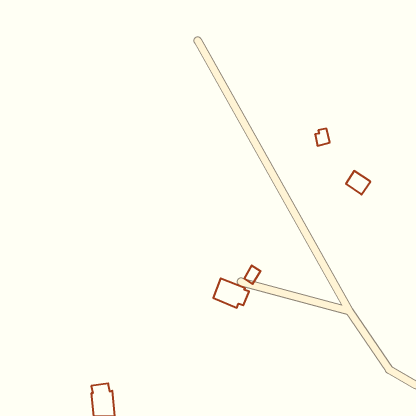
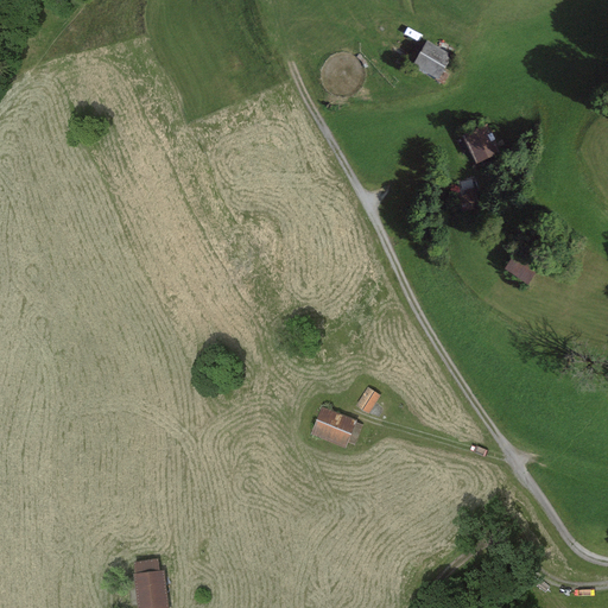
building: none -> [413,42,452,84]
building: none -> [463,125,500,164]

